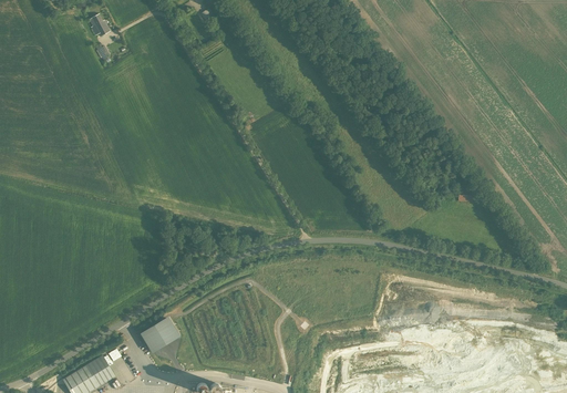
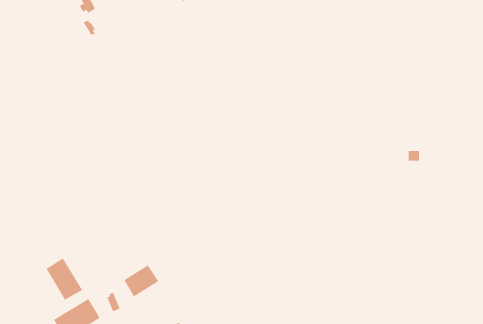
building: none -> [46,257,83,300]

